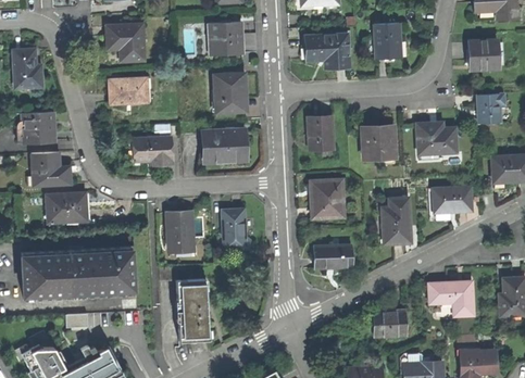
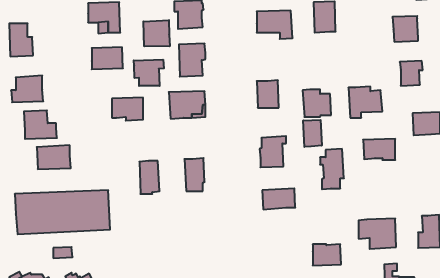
building: none -> [143,20,170,46]
building: none -> [134,60,164,86]
building: none -> [303,120,322,147]
building: [159,266,209,342] -> none

